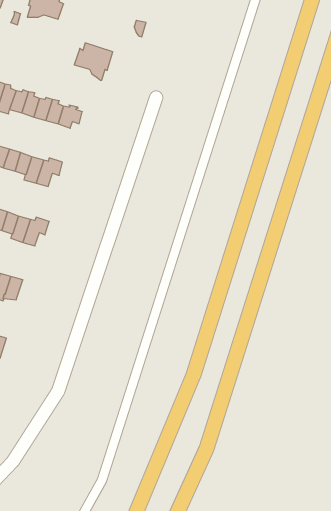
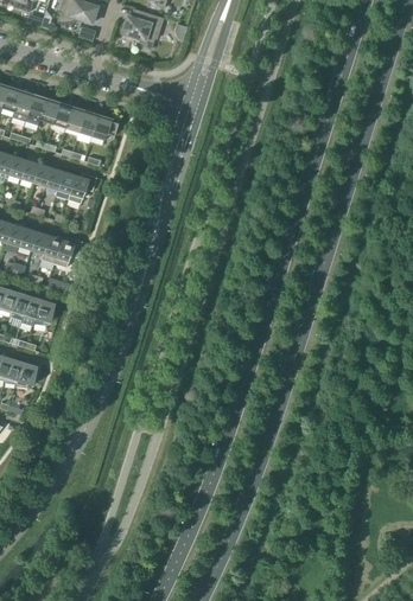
building: [74,43,113,80] -> [121,8,163,49]

